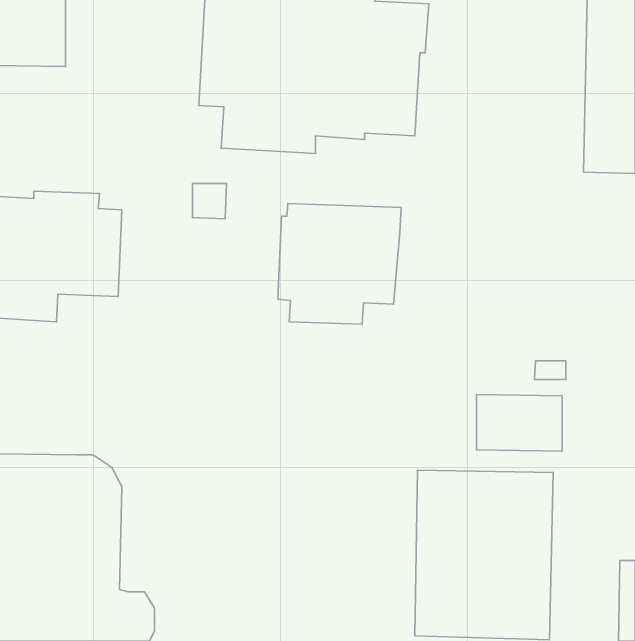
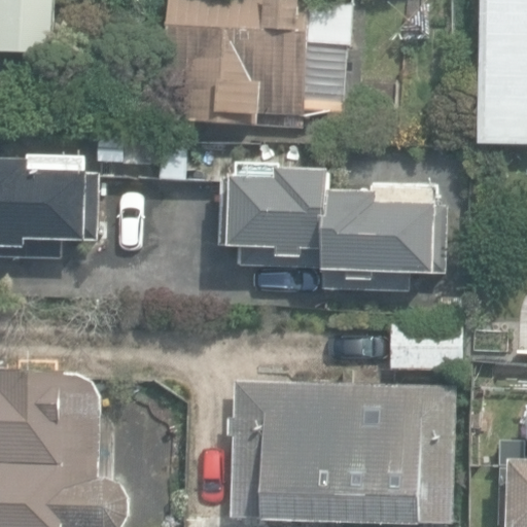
building: none -> [321,190,445,290]
building: none -> [230,382,342,521]

